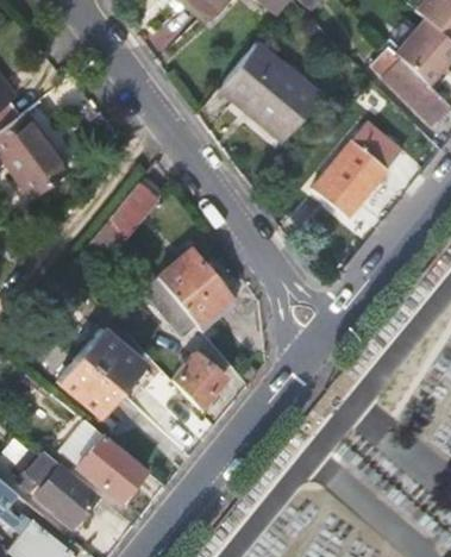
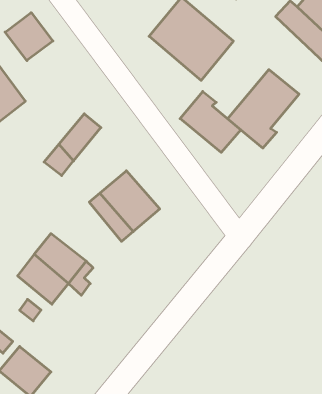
building: none -> [5,13,53,61]
building: none -> [180,91,241,152]
building: [173,355,225,411] -> none
building: [75,434,145,502] -> none

